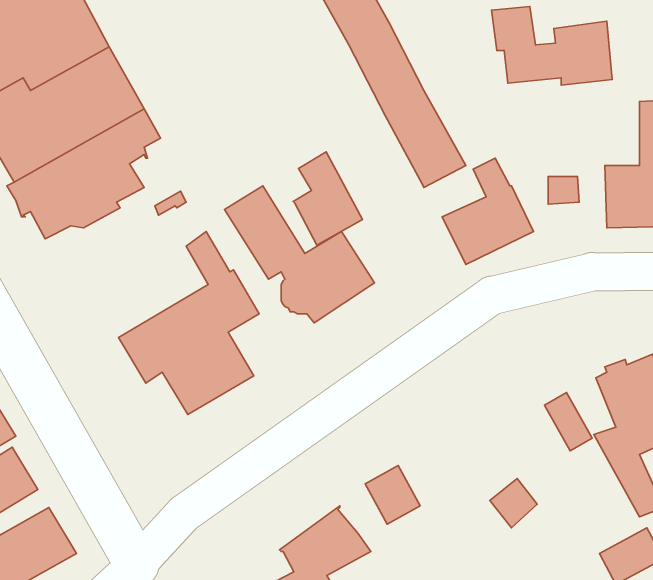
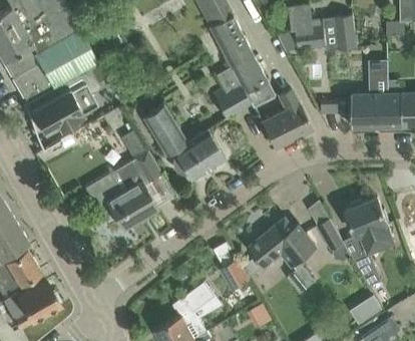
building: [293,152,363,245] -> [213,67,251,118]
building: none -> [249,220,317,270]

